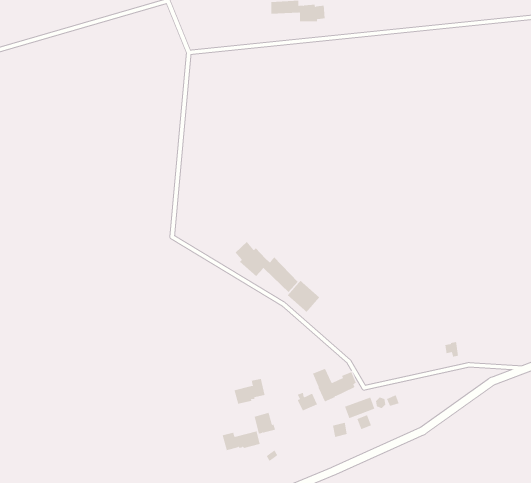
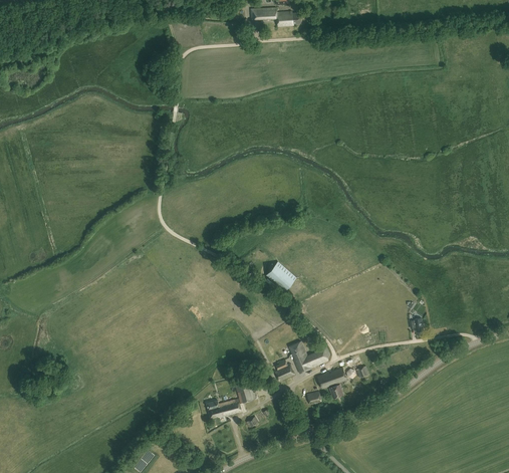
building: [235,241,298,293] -> none
building: [234,378,265,405] -> none

